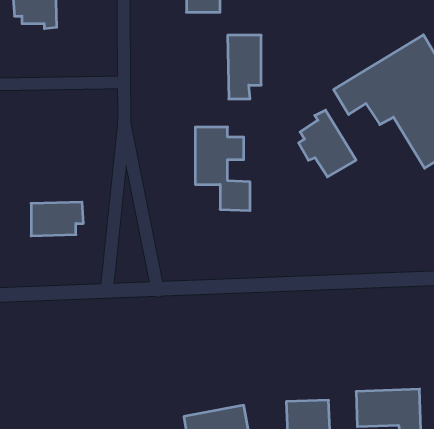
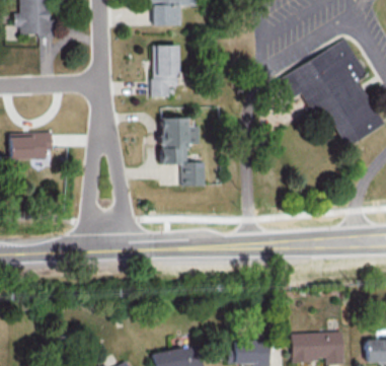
building: [228,35,261,99] -> [152,45,179,96]
building: [299,110,356,177] -> none
building: [31,202,83,236] -> [10,132,53,159]

